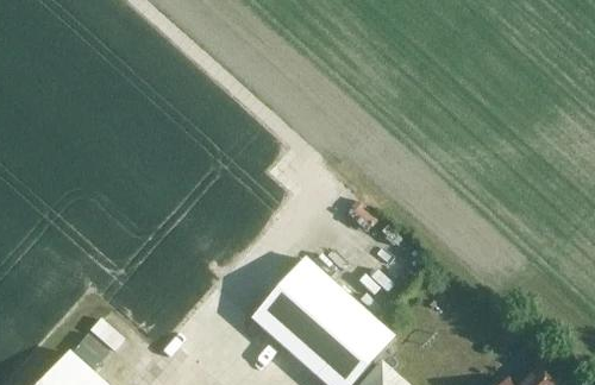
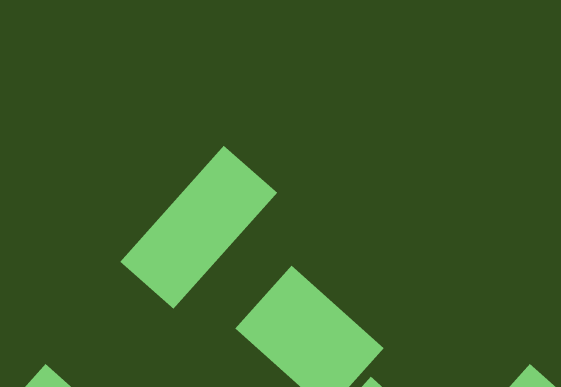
building: none -> [119,145,278,310]

